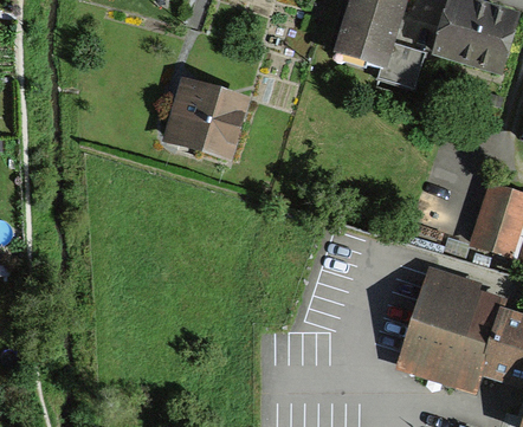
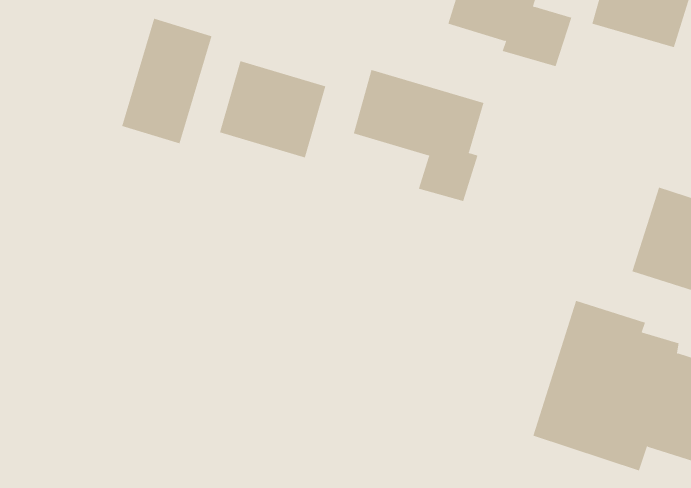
building: none -> [122,18,212,144]
building: none -> [353,69,484,202]

